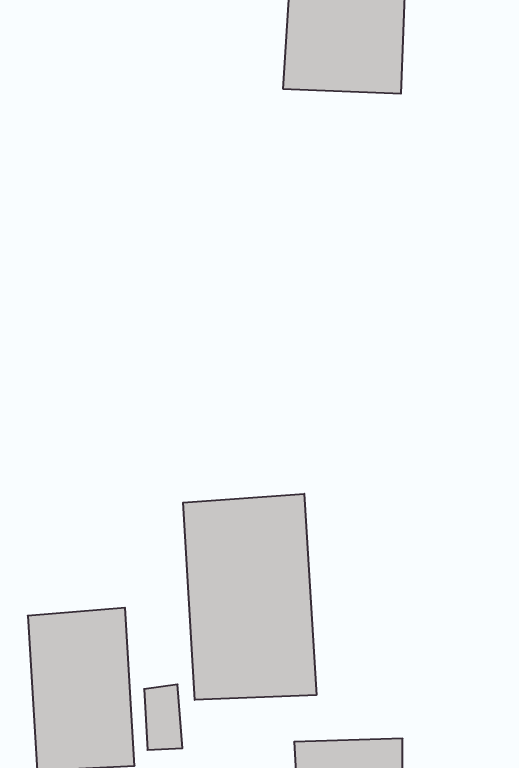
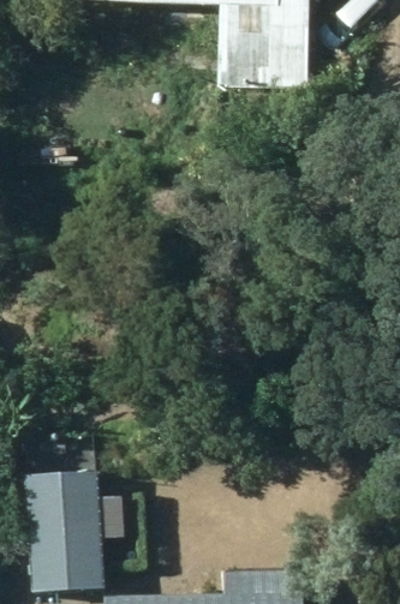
building: [183,494,316,700] -> none

